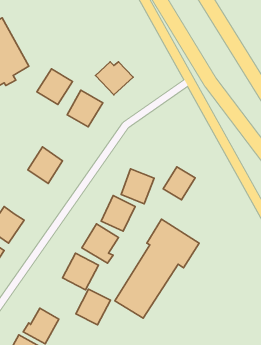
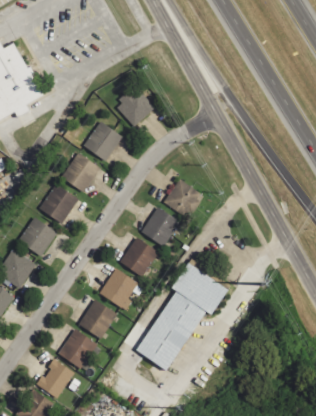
building: [37,69,73,105] -> [62,153,101,192]
building: [163,167,195,200] -> [164,178,199,214]
building: none -> [20,217,57,255]
building: [76,289,110,325] -> [59,329,97,368]

